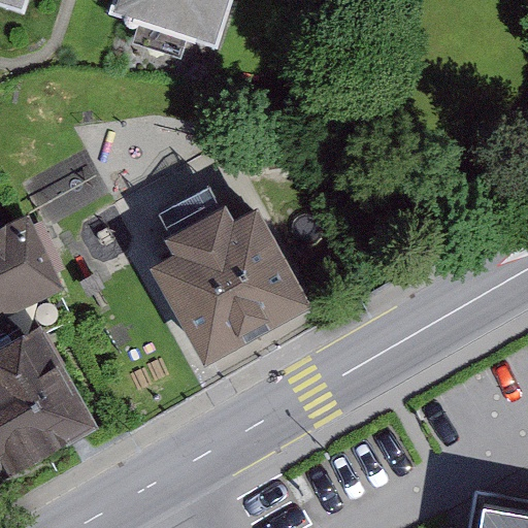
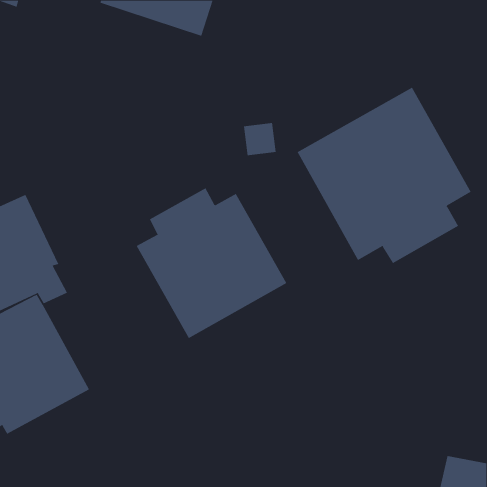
building: none -> [297,87,472,264]

